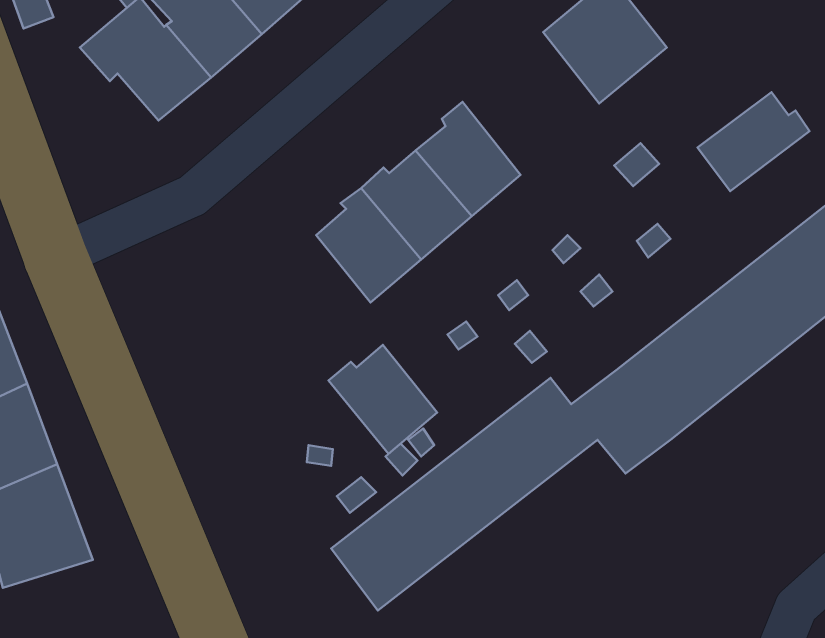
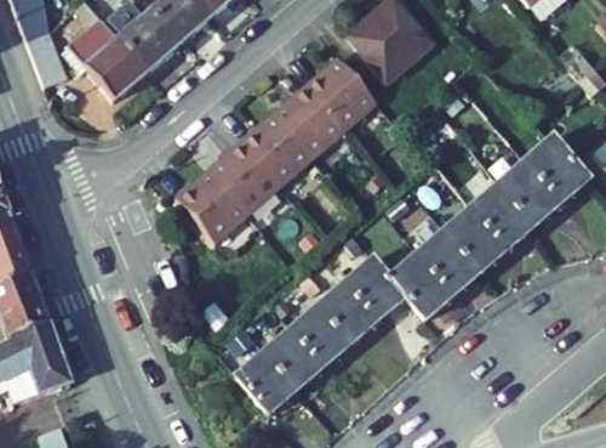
building: none -> [25,27,65,80]
building: none -> [309,58,381,130]
building: [698,92,810,191] -> none
building: [328,345,437,454] -> [179,169,250,239]

